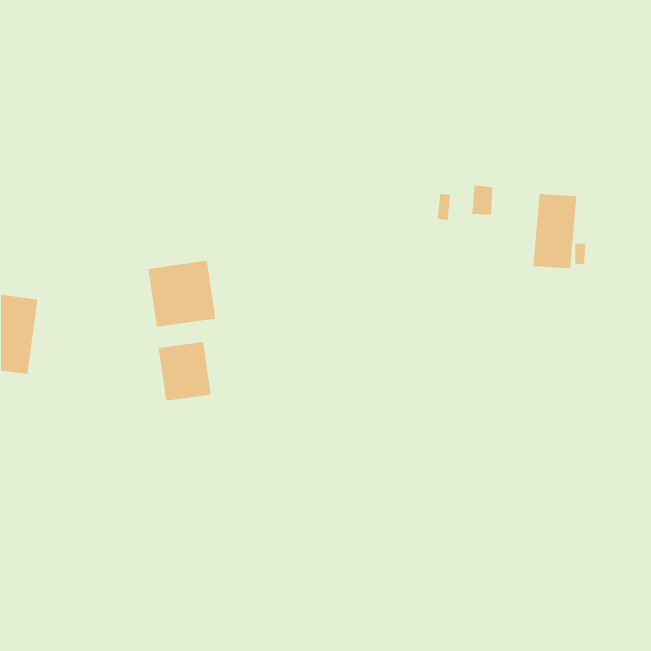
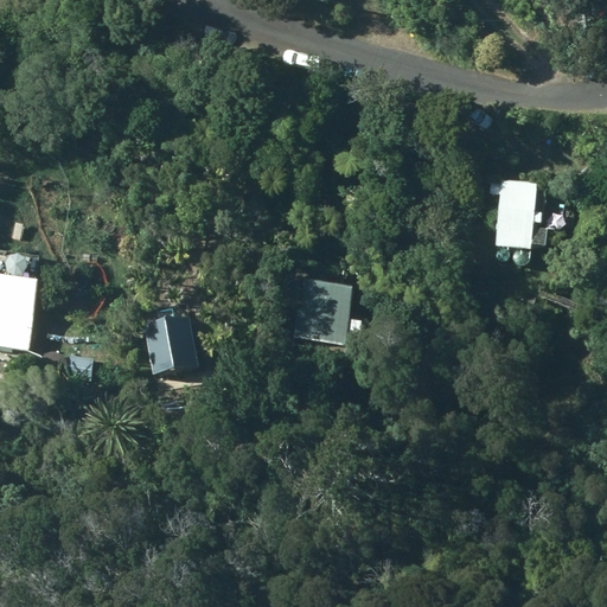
building: [148,260,216,327] -> none
building: none -> [293,280,360,344]

